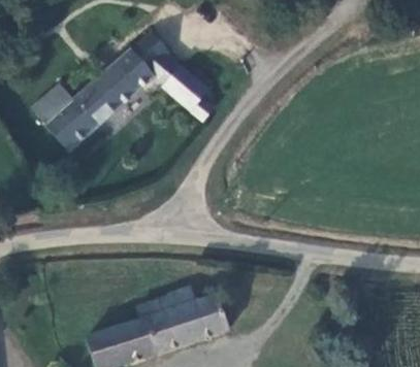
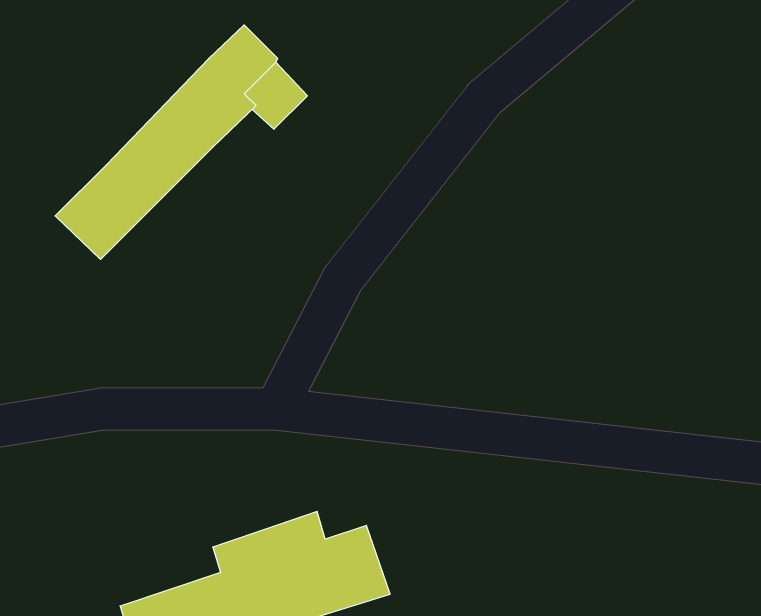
building: [164,68,212,120] -> none
building: [33,87,76,131] -> none

